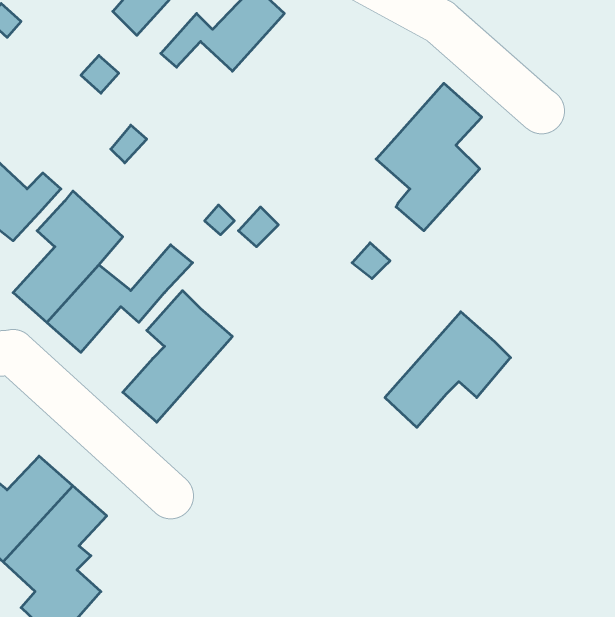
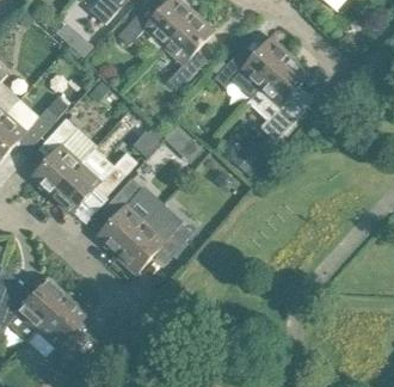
building: none -> [161,11,214,90]
building: none -> [214,36,288,86]
building: [385,312,511,427] -> [116,204,191,274]

